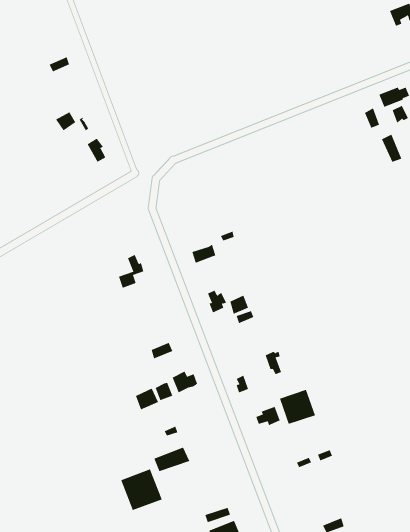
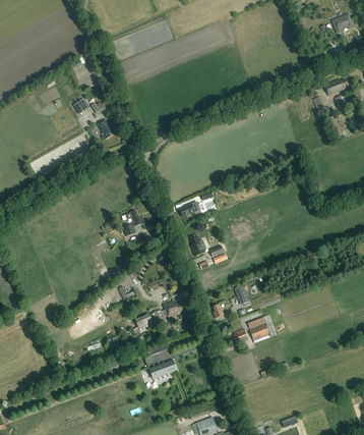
building: [120,469,162,511] -> none

